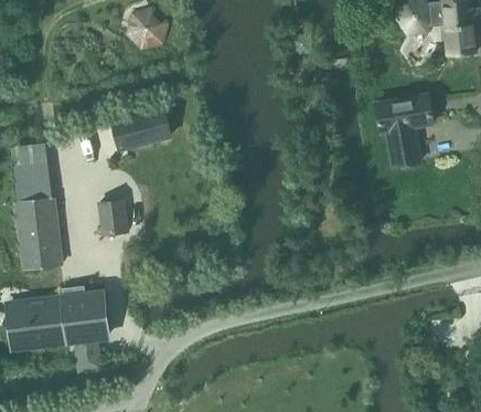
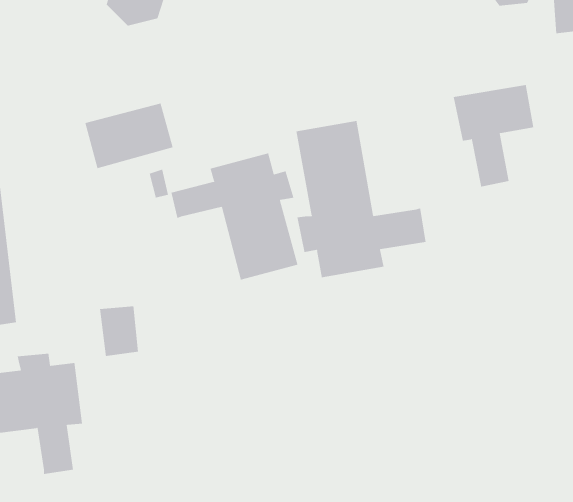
building: none -> [296,120,426,278]
building: none -> [171,153,298,280]
building: [98,200,127,236] -> [99,306,139,356]

